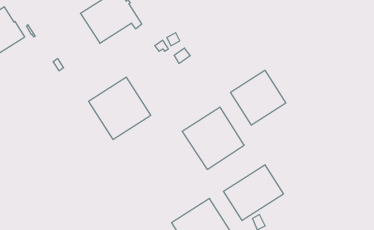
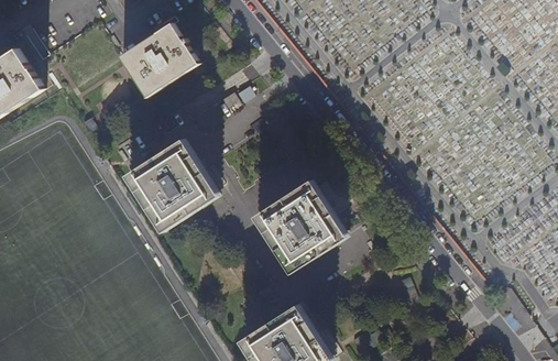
building: [231,70,286,125] -> none
building: [223,165,284,221] -> none

